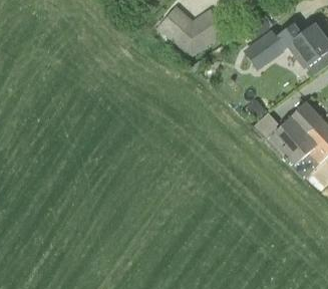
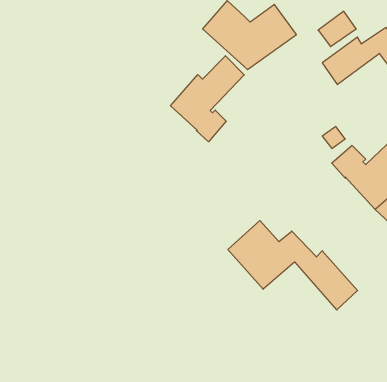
building: none -> [171,56,244,142]
building: none -> [228,221,358,310]

